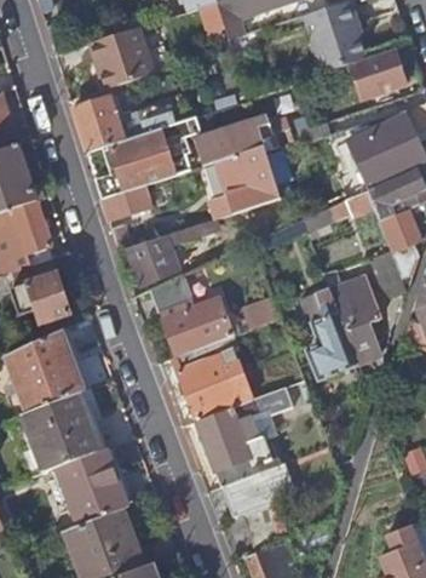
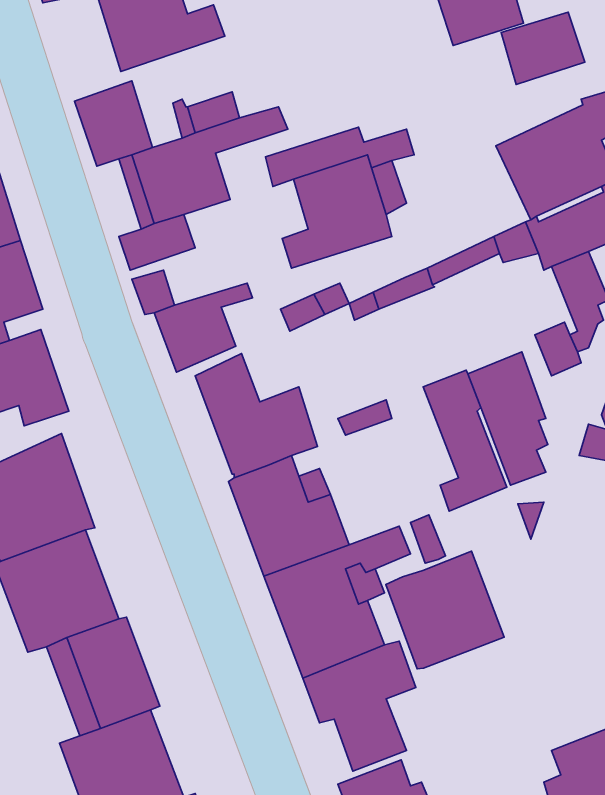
building: none -> [386,551,504,669]

